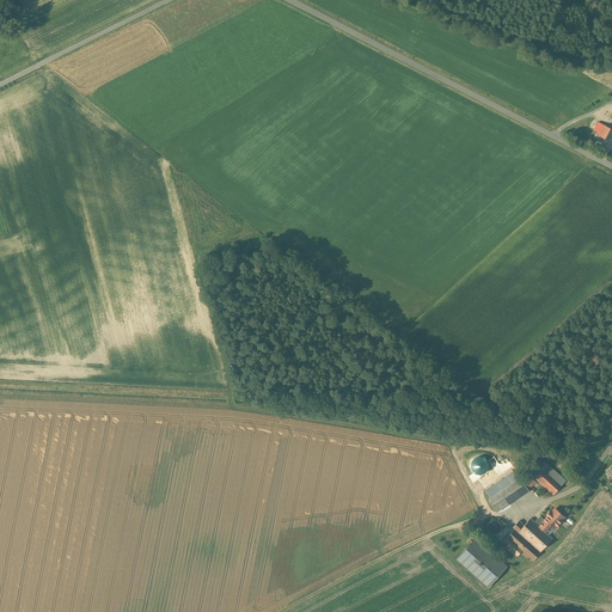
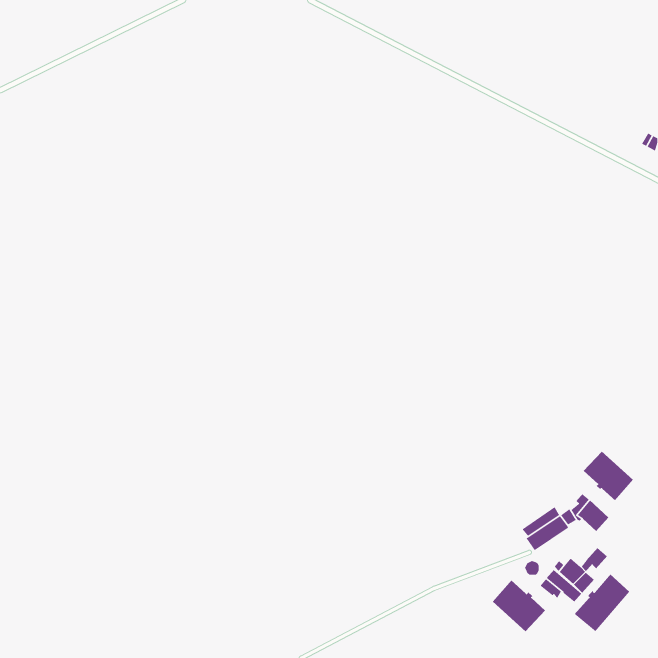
building: none -> [583,451,634,501]
building: none -> [574,574,630,632]

